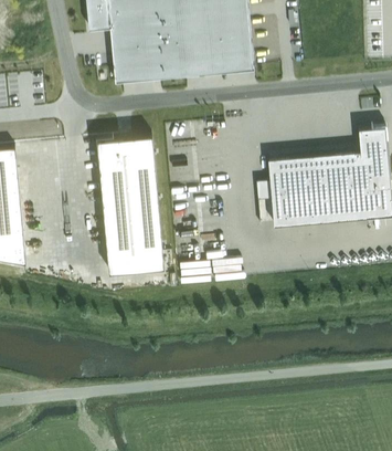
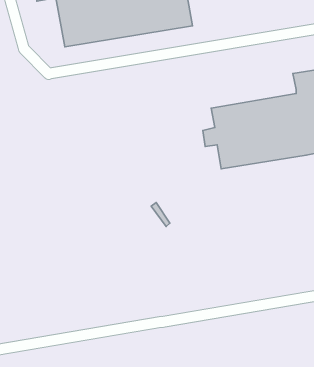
building: [97,135,165,273] -> none

